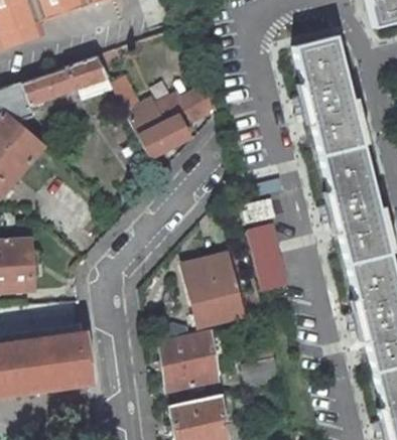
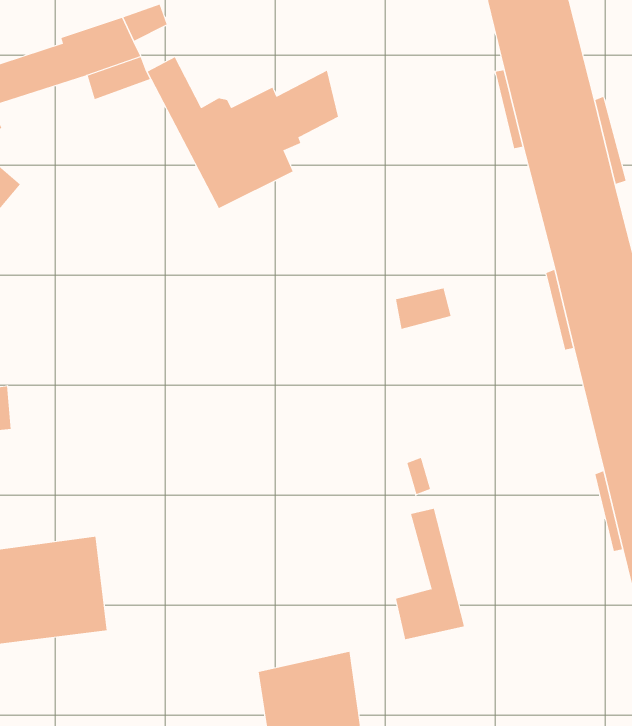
building: [249,225,287,290] -> none
building: [184,255,243,326] -> none
building: [161,330,218,390] -> none

